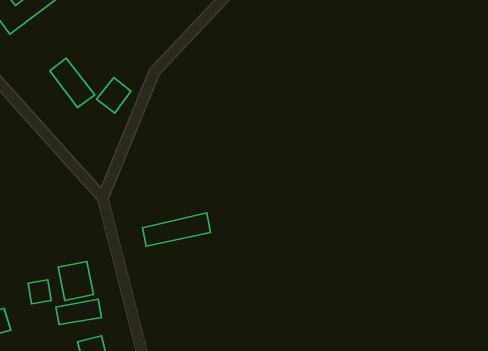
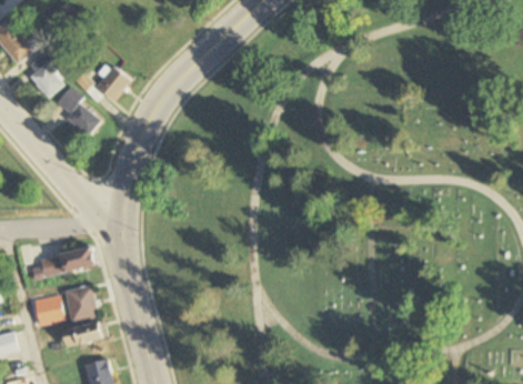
building: none -> [26,57,66,98]
building: [97,77,131,113] -> [95,65,129,100]
building: [143,213,210,246] -> [30,246,95,279]

